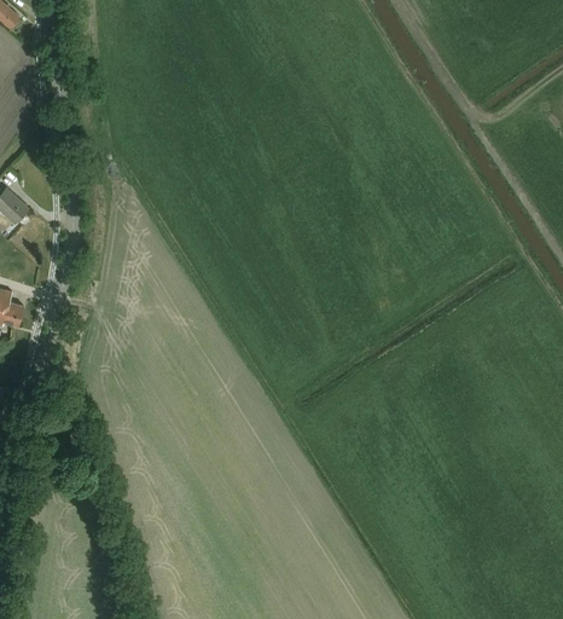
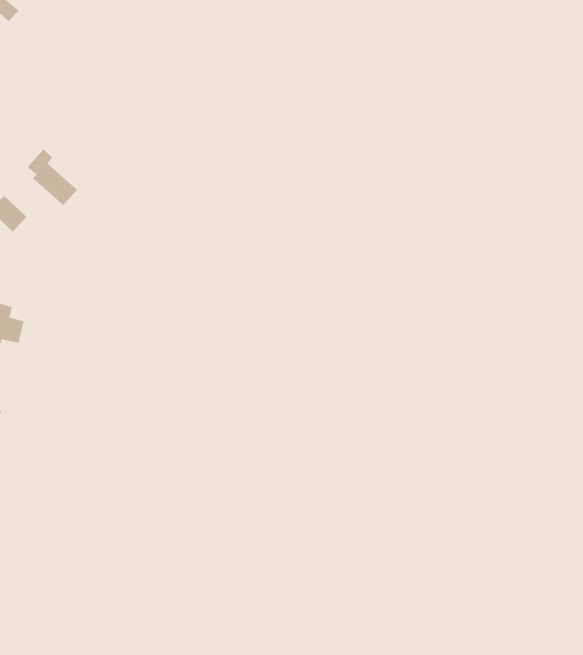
building: none -> [27,148,78,206]

